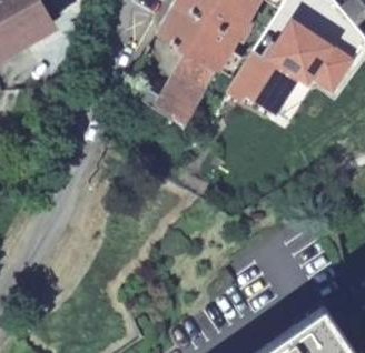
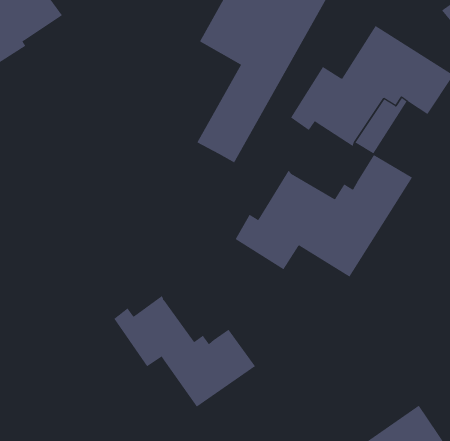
building: none -> [235,154,413,278]
building: none -> [113,295,256,407]

